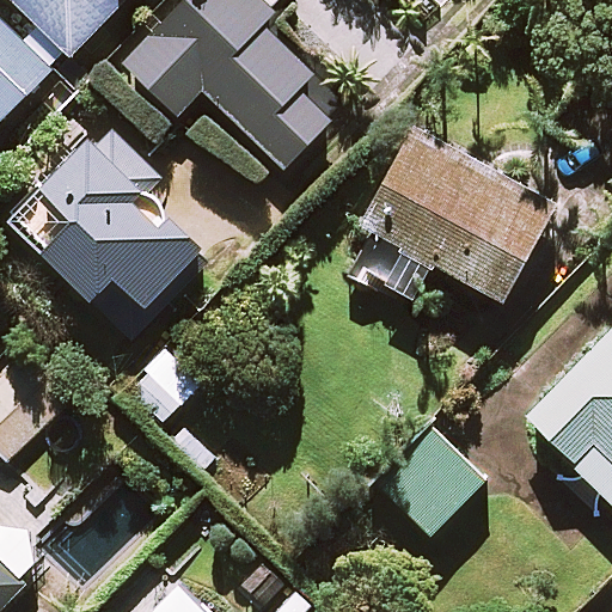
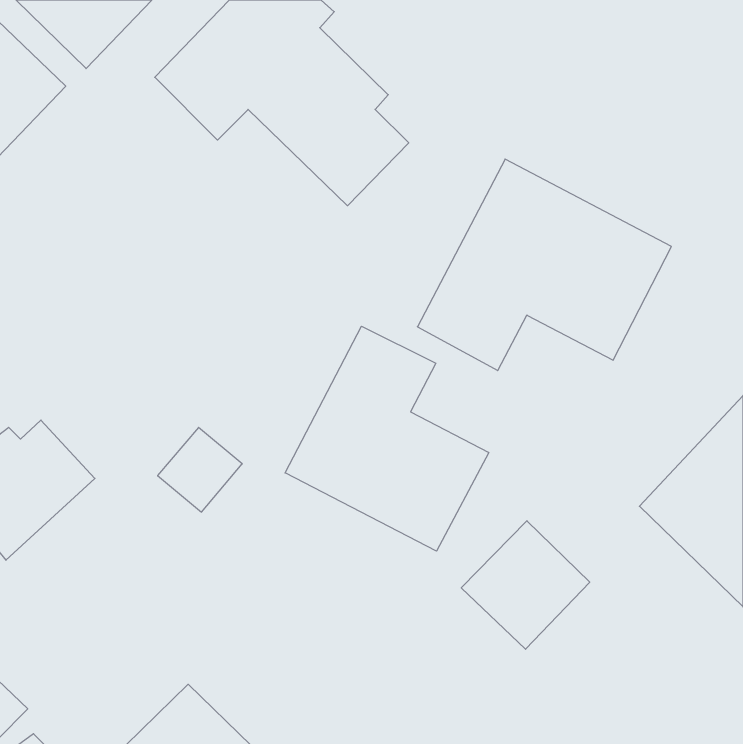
building: [10,121,208,338] -> none
building: none -> [285,326,489,551]

